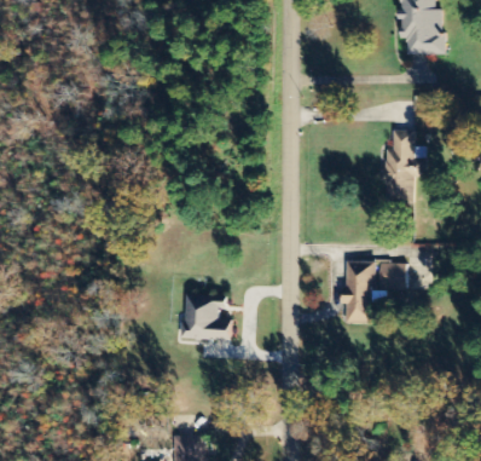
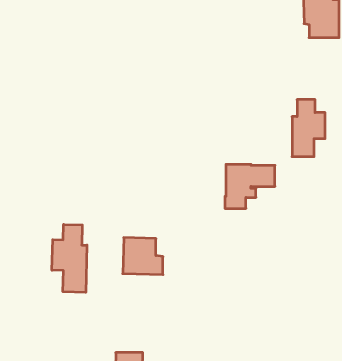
building: [344,263,405,316] -> [225,164,275,208]
building: none -> [52,224,87,292]

